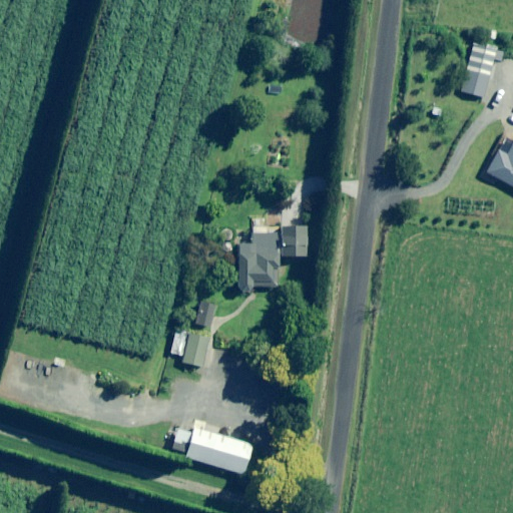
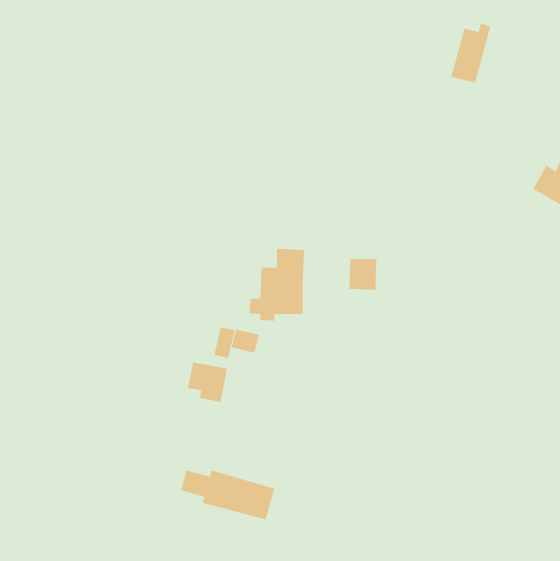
building: [461,42,498,97] -> [451,23,491,83]
building: [279,227,305,256] -> [349,258,377,290]
building: none -> [231,329,260,353]

